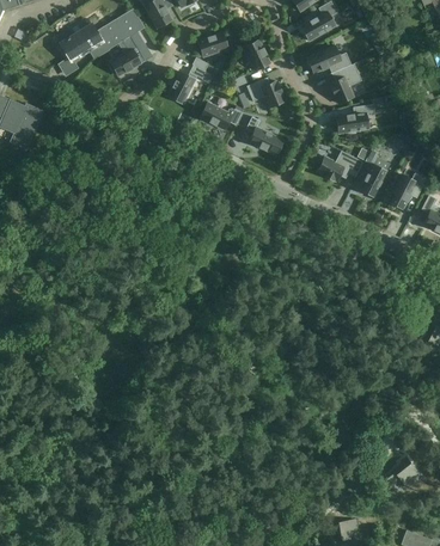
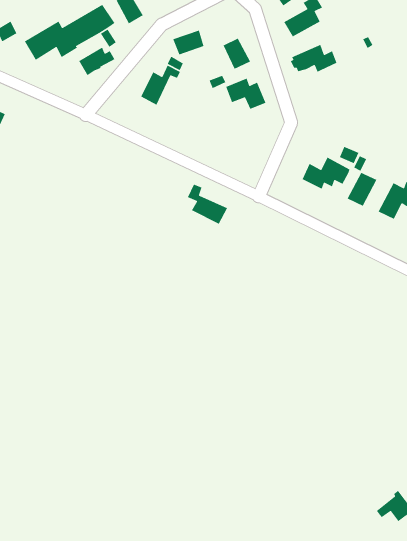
building: [330,63,361,104] -> none
building: [200,103,242,130] -> none
building: [336,104,374,135] -> none
building: [245,117,283,155] -> [187,183,228,225]

